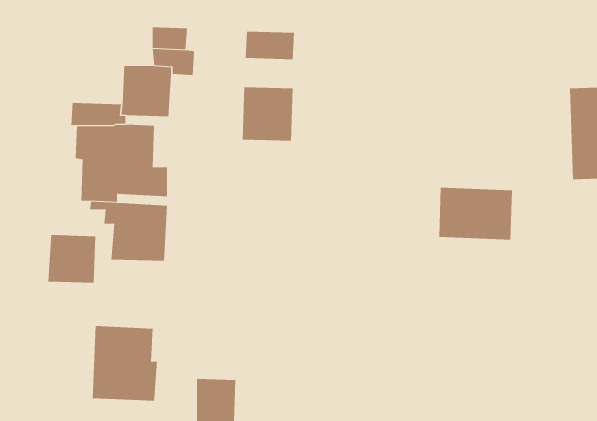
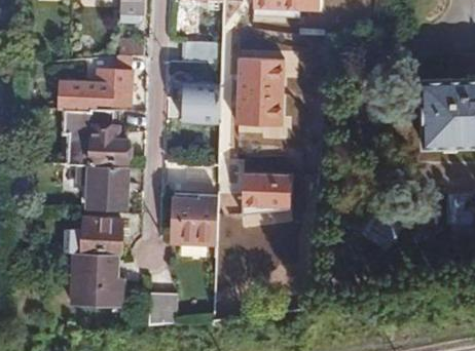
building: none -> [234,56,284,123]
building: [438,187,513,240] -> [240,170,293,208]
building: [47,235,96,283] -> [86,217,121,251]
building: none -> [176,194,216,240]

